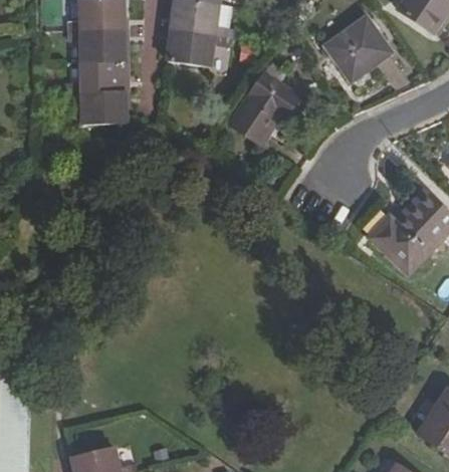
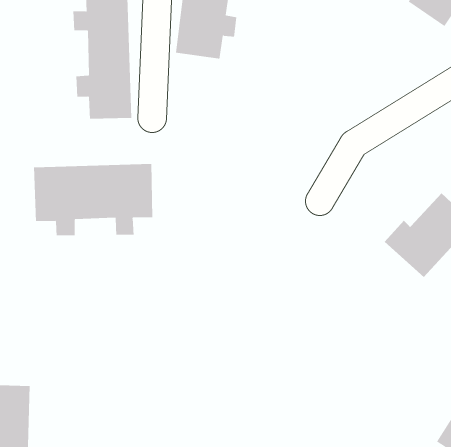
building: [320,18,392,92] -> none
building: [225,78,291,155] -> none
building: none -> [33,163,153,236]

